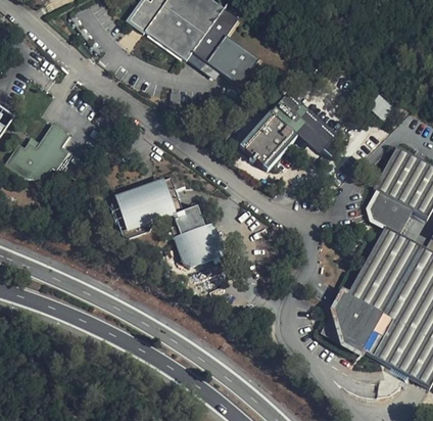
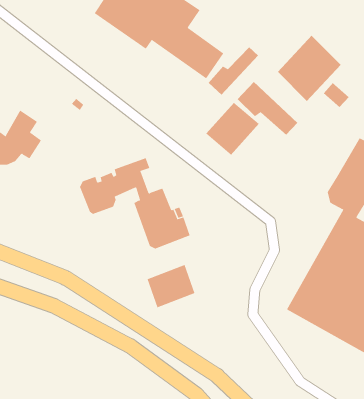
building: none -> [277,35,341,102]
building: none -> [208,46,259,96]
building: none -> [147,264,195,308]

